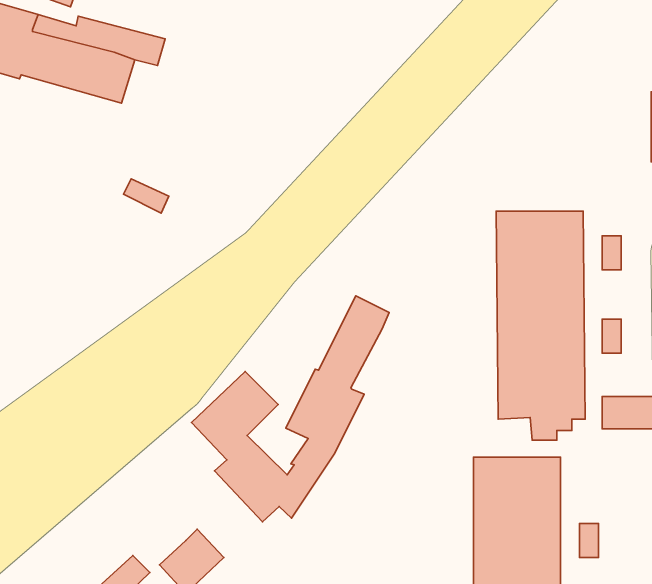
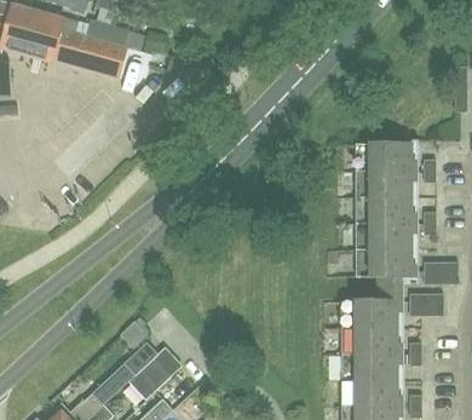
building: [191,296,389,522] -> none
building: none -> [409,294,443,316]

